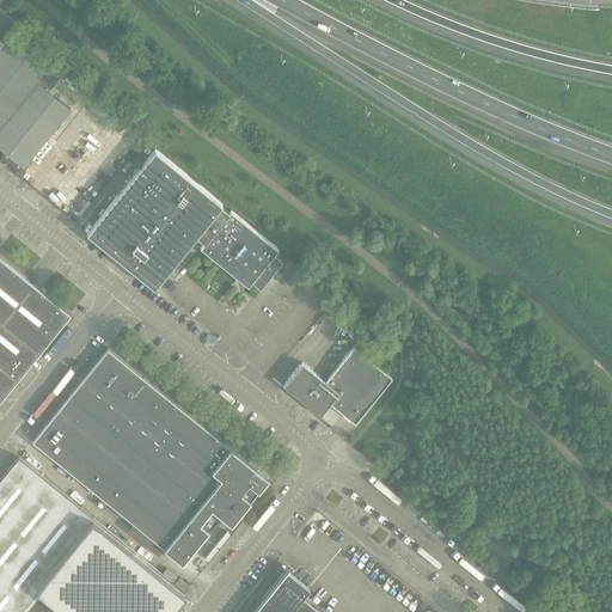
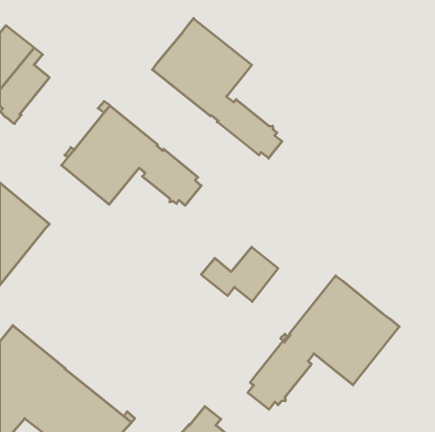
building: none -> [152,18,282,158]
building: [31,353,269,569] -> none
building: none -> [248,276,399,409]

